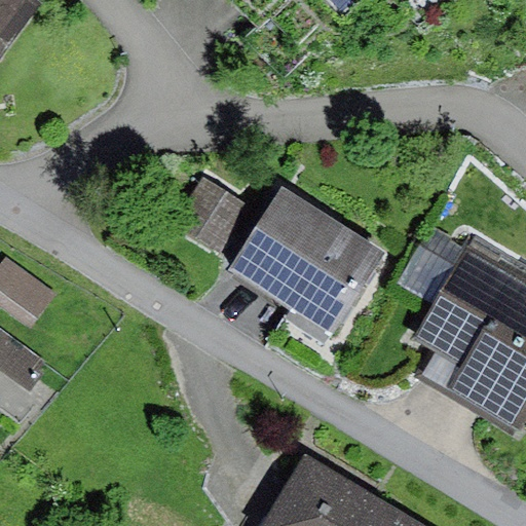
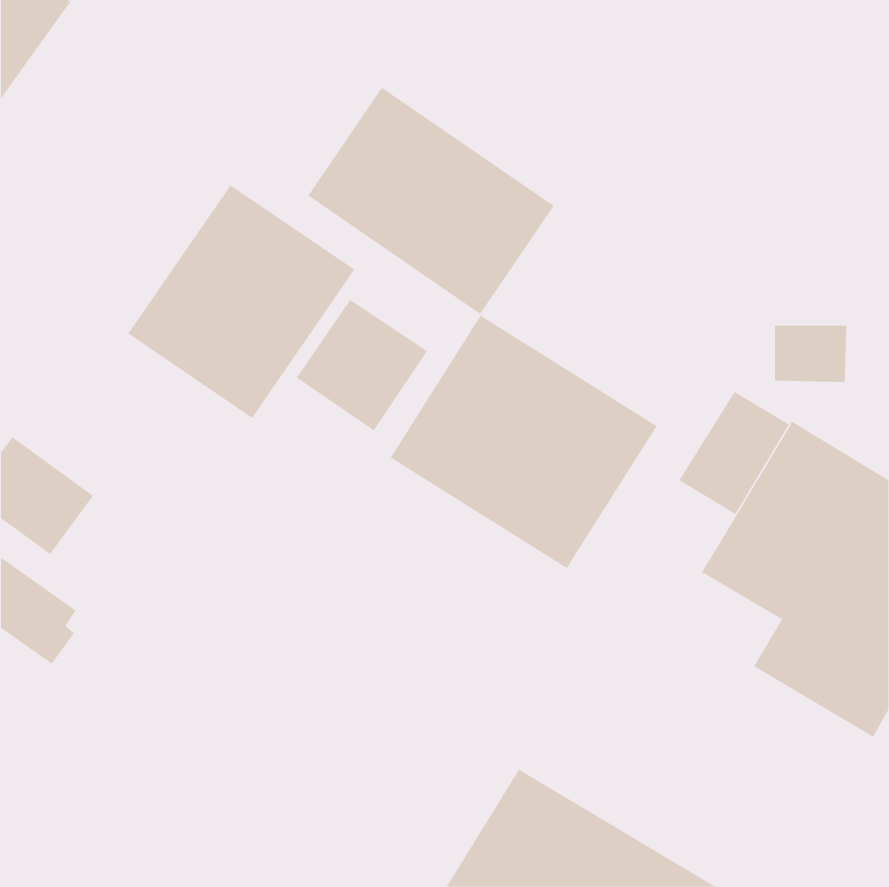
building: none -> [308,87,554,315]
building: none -> [128,184,355,419]

